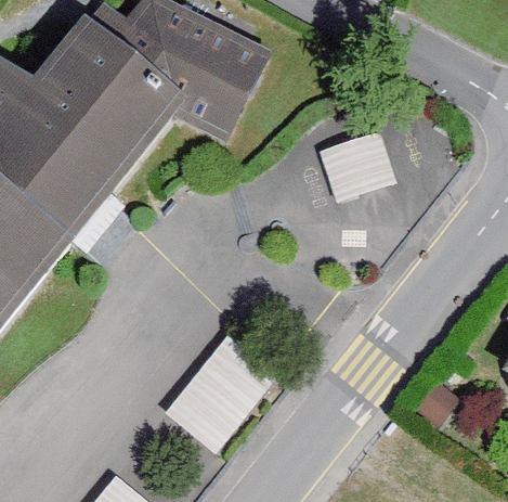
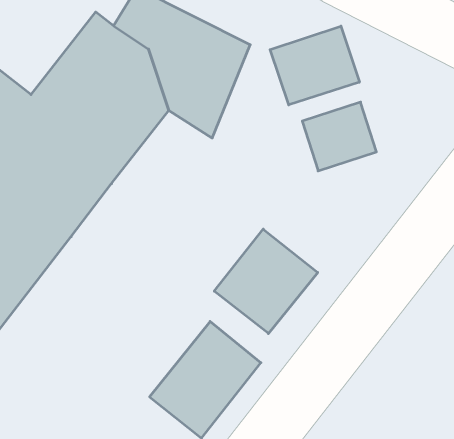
building: none -> [270,26,359,105]
building: none -> [214,229,318,334]

